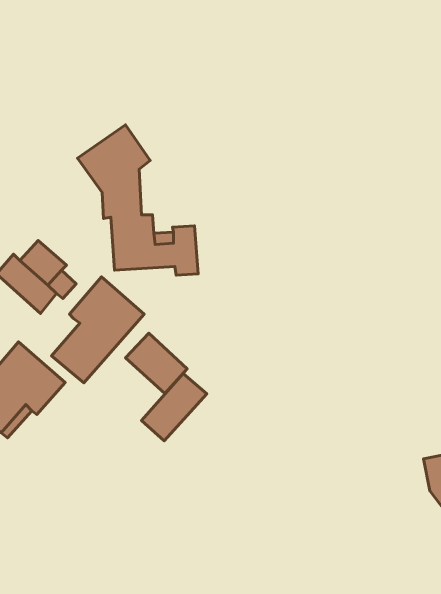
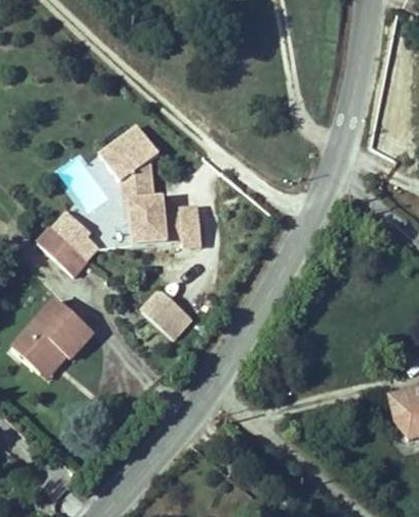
building: [51,277,144,383] -> none
building: [141,373,207,441] -> none

